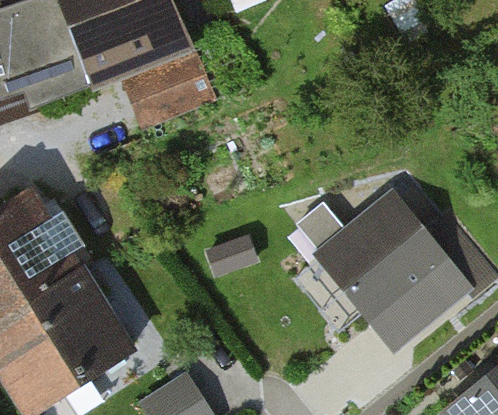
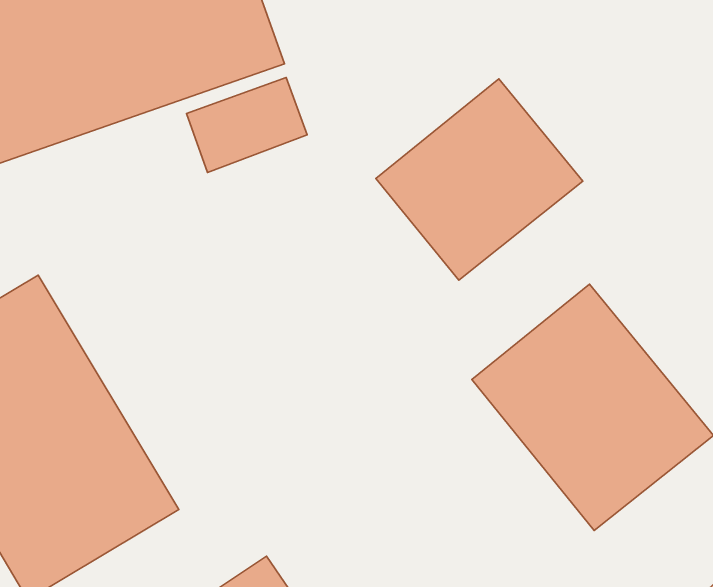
building: none -> [376,79,583,280]

